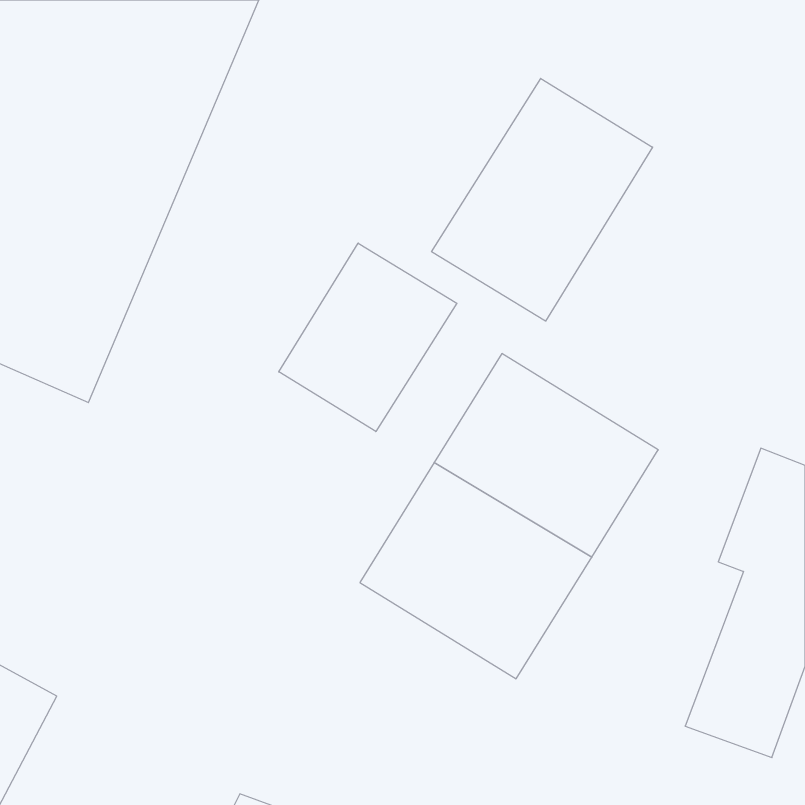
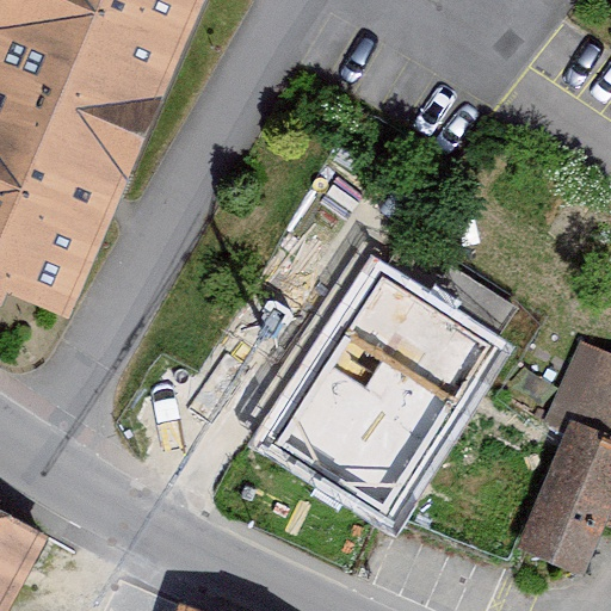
building: [432,78,653,321] -> none
building: [279,243,457,432] -> none

